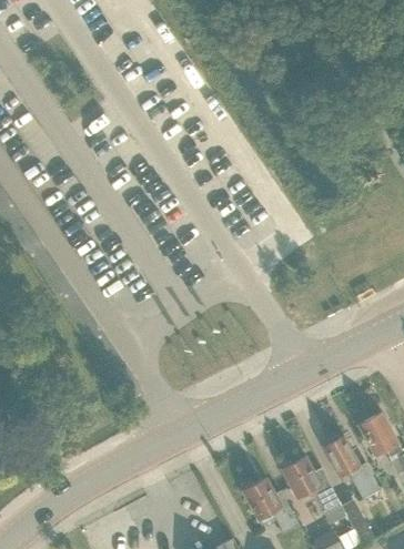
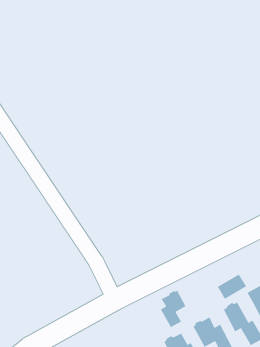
building: none -> [217,273,247,300]
building: none -> [160,289,186,328]

